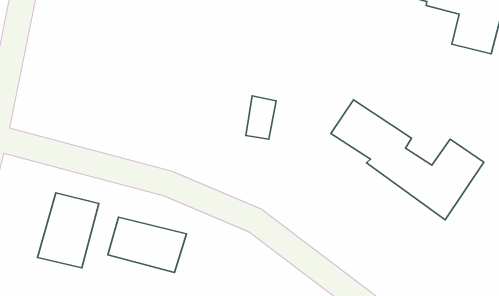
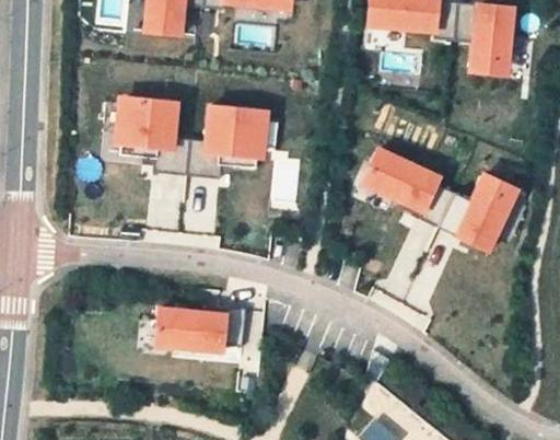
building: none -> [114,93,270,177]
building: [38,193,99,268] -> none

